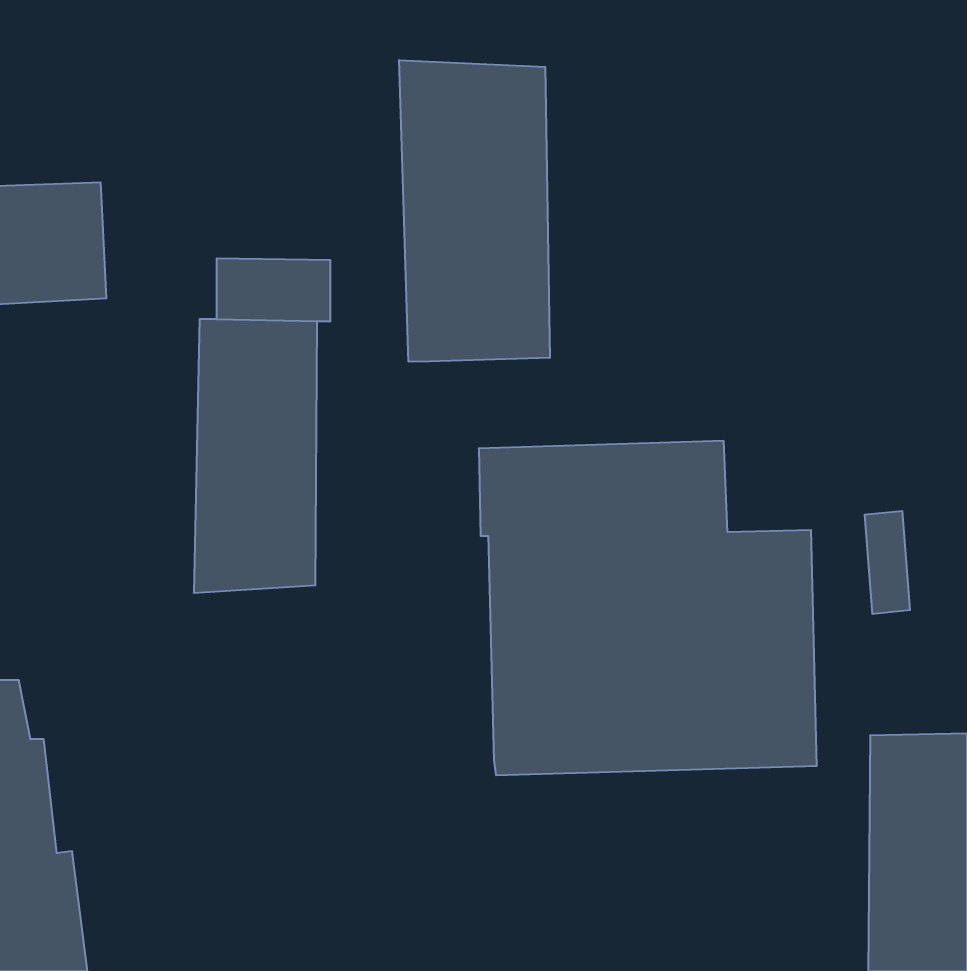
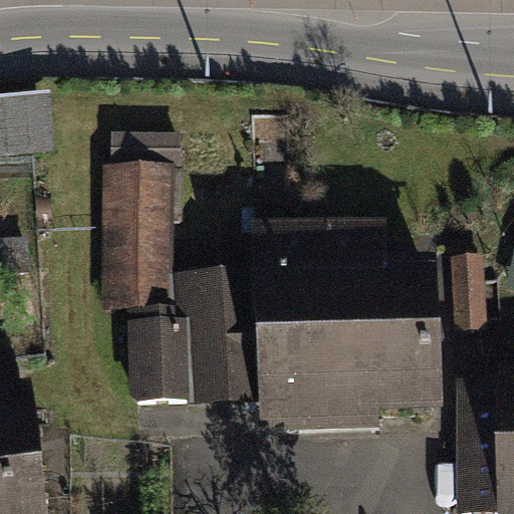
building: [399,60,550,362] -> none
building: none -> [136,283,261,406]

